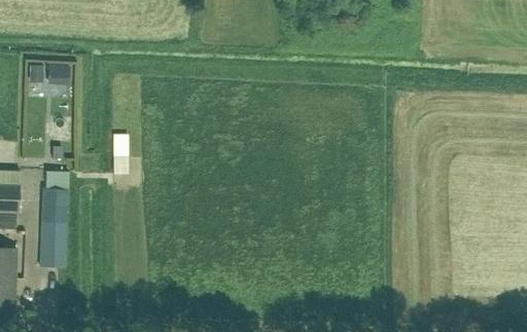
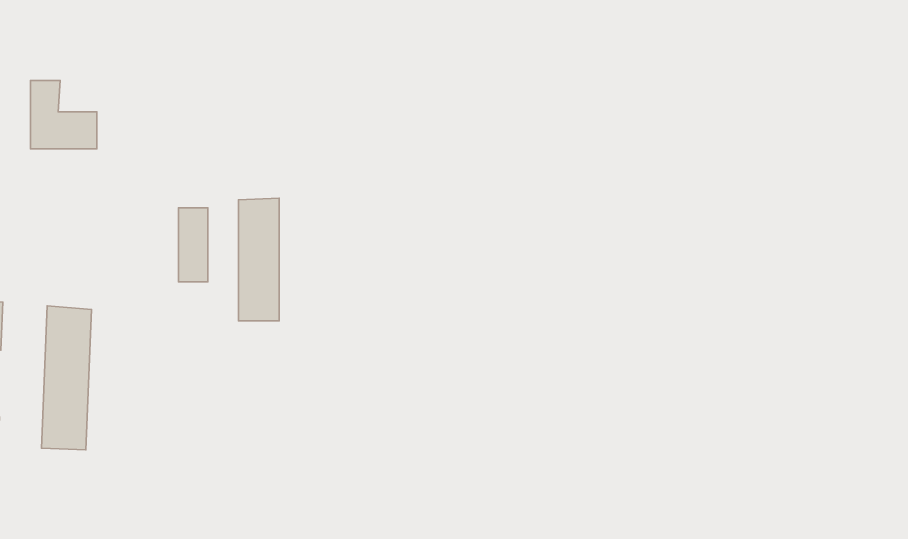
building: none -> [238,198,279,321]

